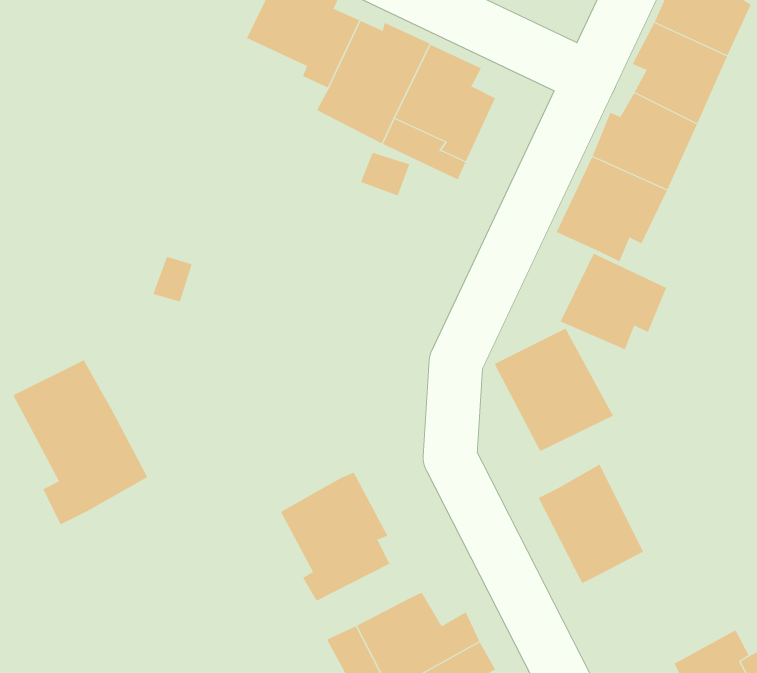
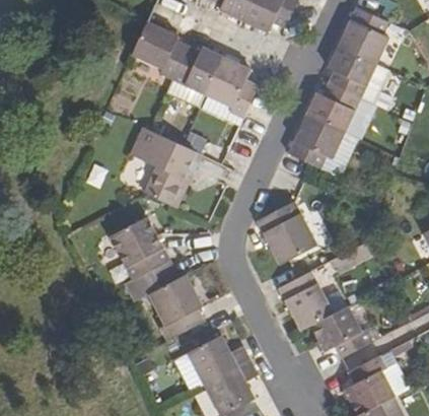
building: none -> [129,125,200,204]
building: [560,253,667,350] -> none
building: [12,359,148,525] -> [110,217,178,301]
building: none -> [311,305,372,359]

